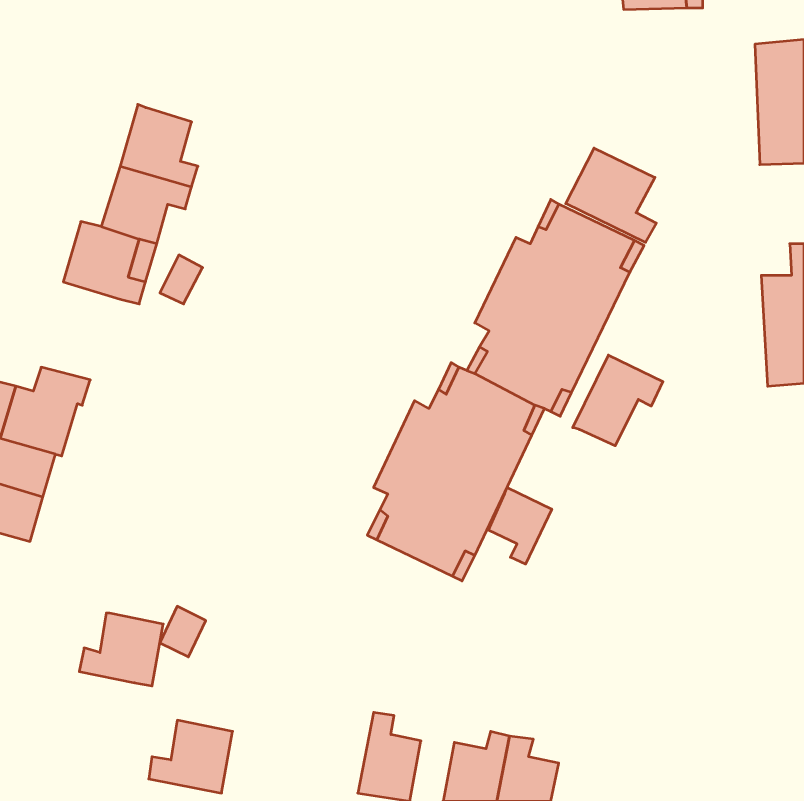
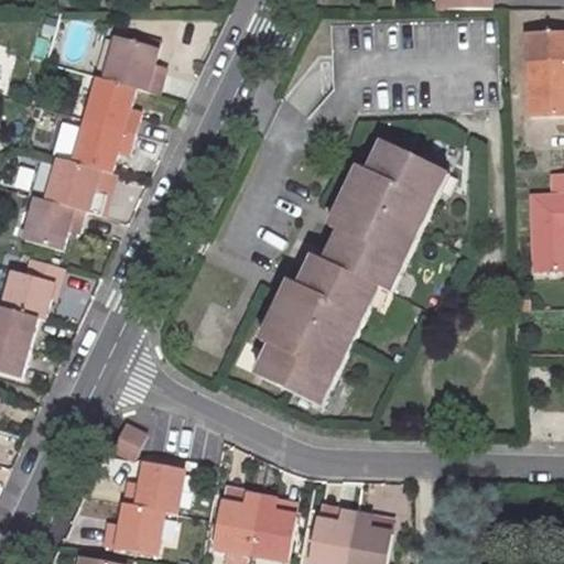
building: none -> [101,33,160,90]
building: [566,148,656,242] -> none
building: none -> [22,194,84,247]
building: [573,355,663,446] -> none
building: [488,488,552,564] -> none
building: [79,613,163,686] -> [123,460,182,511]
building: none -> [215,494,260,552]

